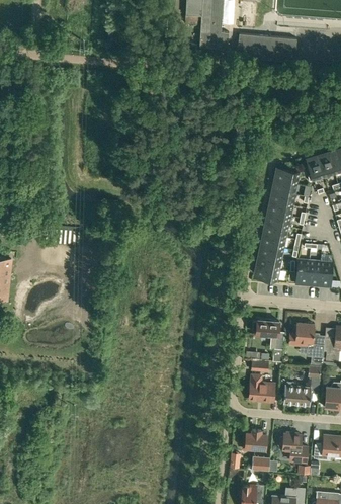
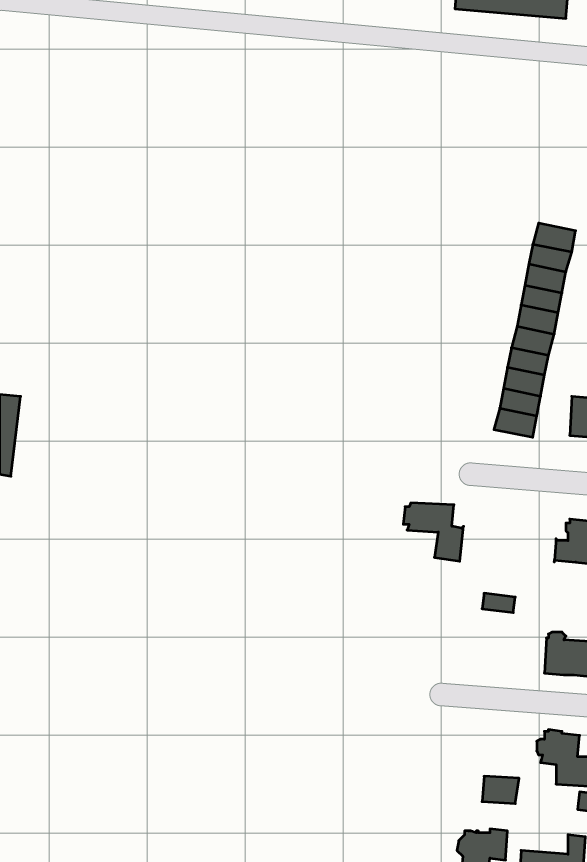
building: [253,320,284,350] -> [403,503,464,561]
building: [248,374,274,402] -> none
building: [243,429,266,450] -> none

